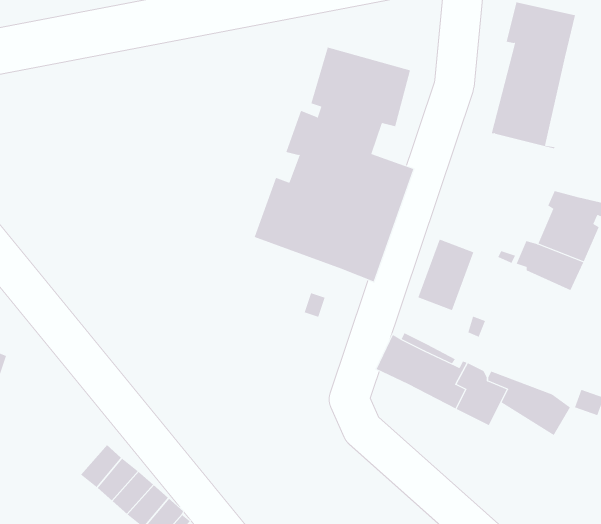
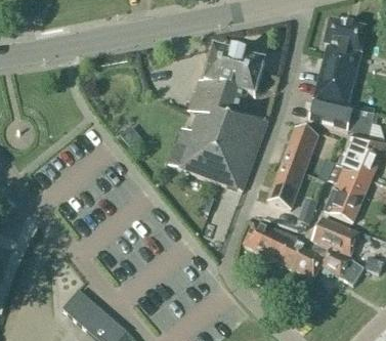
building: none -> [309,99,374,138]
building: none -> [283,127,317,172]
building: none -> [325,183,363,222]
building: none -> [312,217,358,255]

